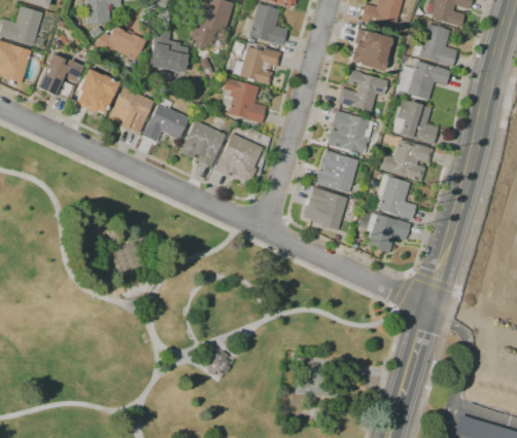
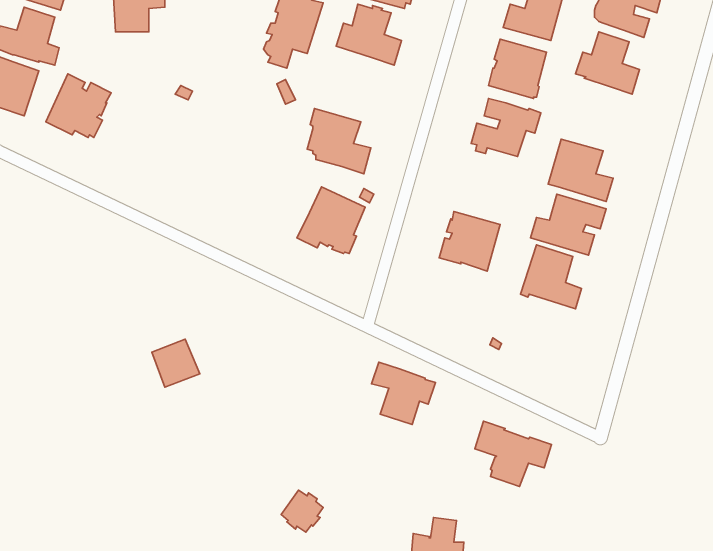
building: [95,23,150,61] -> none
building: [148,28,188,73] -> none
building: [233,47,281,85] -> none
building: [394,62,450,101] -> none
building: [76,69,118,114] -> none
building: [108,87,153,134] -> none
building: [143,98,189,142] -> none
building: [326,110,370,154] -> none
building: [179,120,225,168] -> none
building: [309,187,354,231] -> [372,362,435,424]
building: [356,208,411,254] -> [475,421,552,487]

